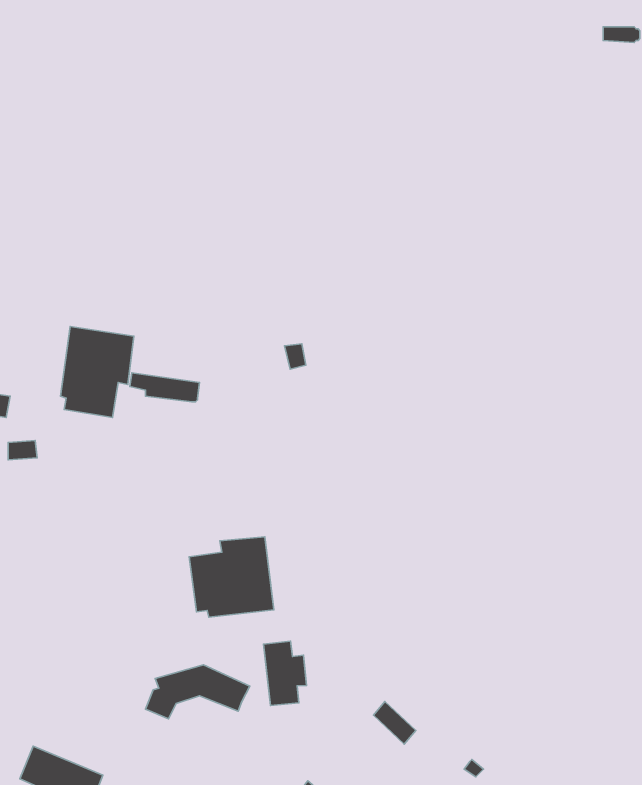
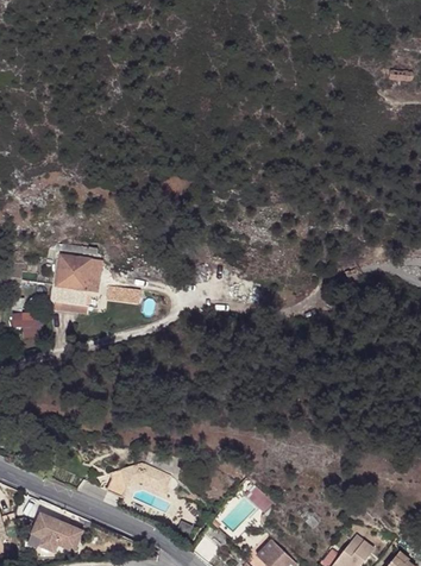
building: [189,537,274,617] -> none
building: [264,641,306,705] -> none

